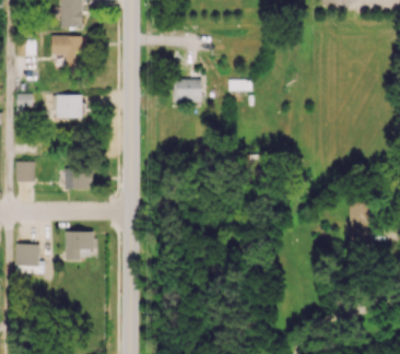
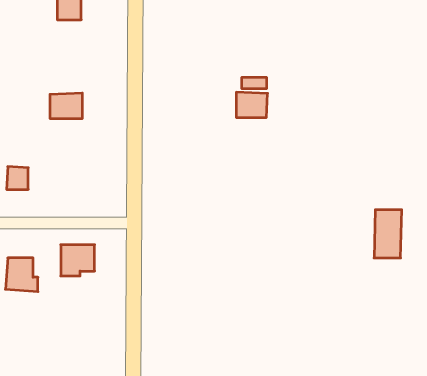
building: [50,35,85,66] -> none
building: [173,79,201,102] -> [236,92,268,117]
building: [63,168,92,189] -> none

